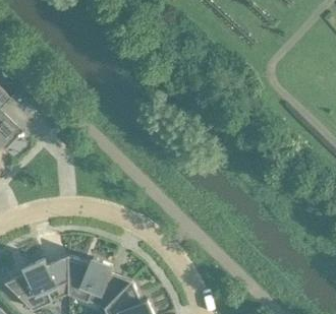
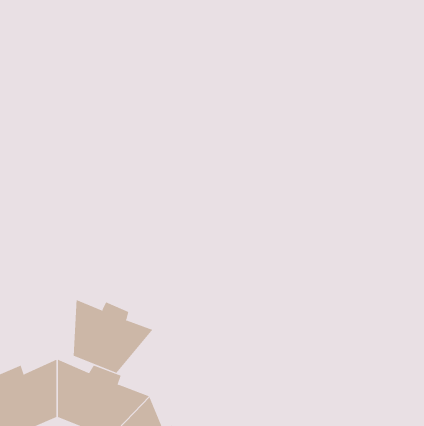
building: none -> [73,299,153,373]

